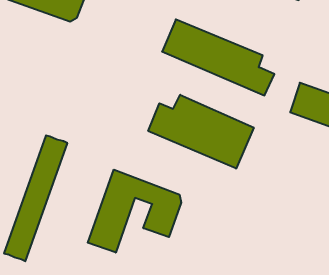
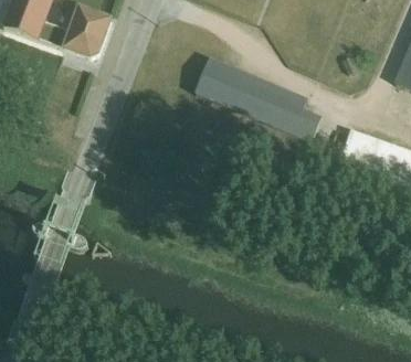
building: [148,95,254,169] -> none
building: [88,170,181,253] -> none

